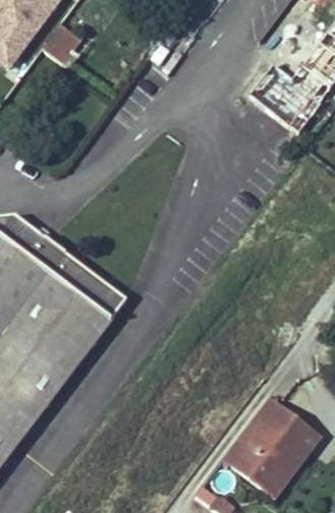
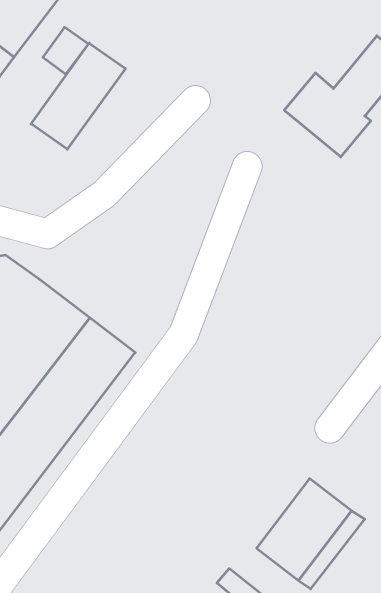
building: none -> [31,43,125,149]

